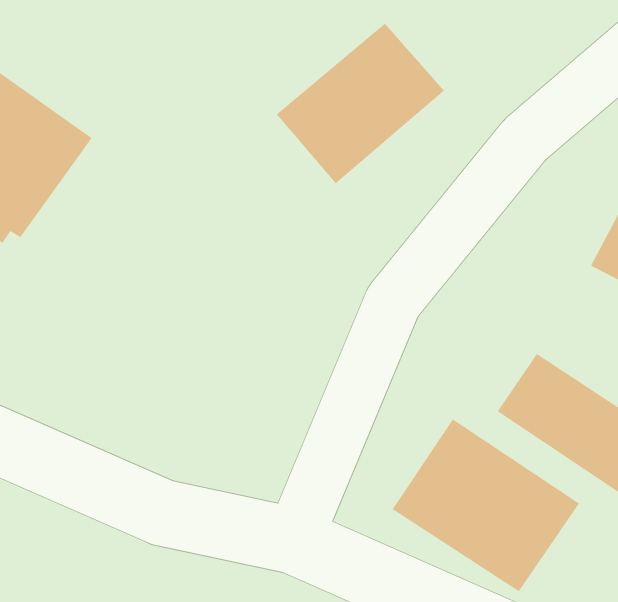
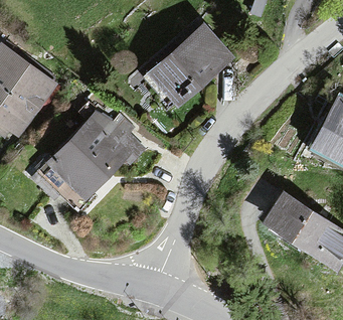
building: none -> [42,112,146,199]
building: [392,418,580,592] -> none

